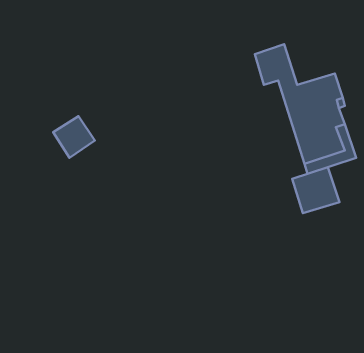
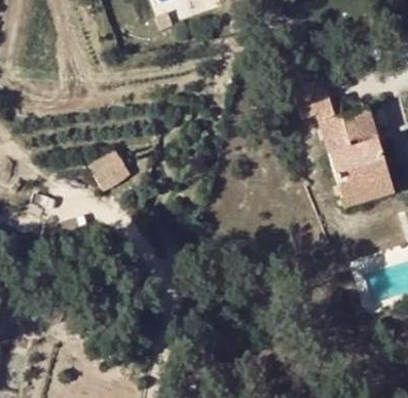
building: [292,167,340,213] -> none

